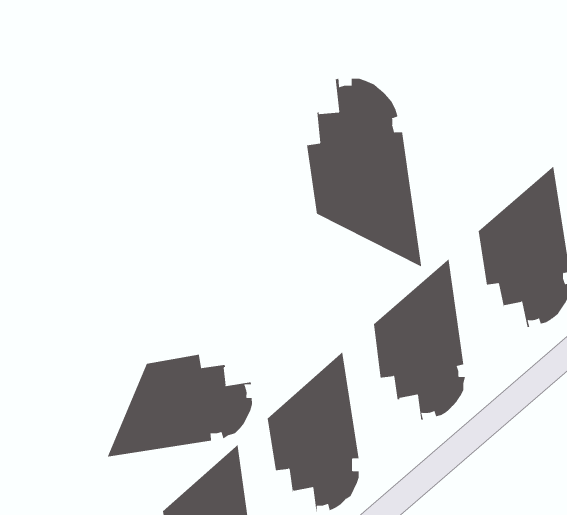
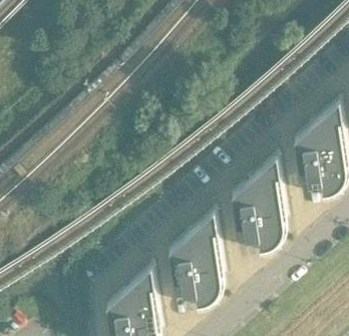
building: [306,78,422,267] -> none
building: [107,354,253,458] -> none

